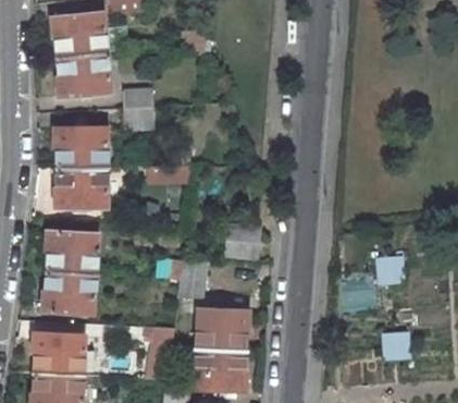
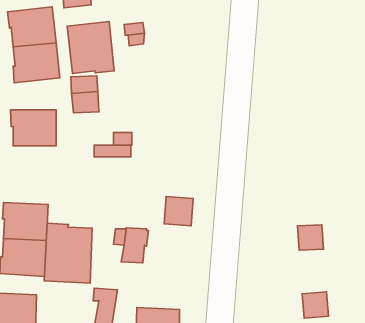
building: none -> [67,21,114,73]
building: [55,168,107,208] -> none
building: none -> [44,223,92,283]
building: [196,308,248,351] -> none

